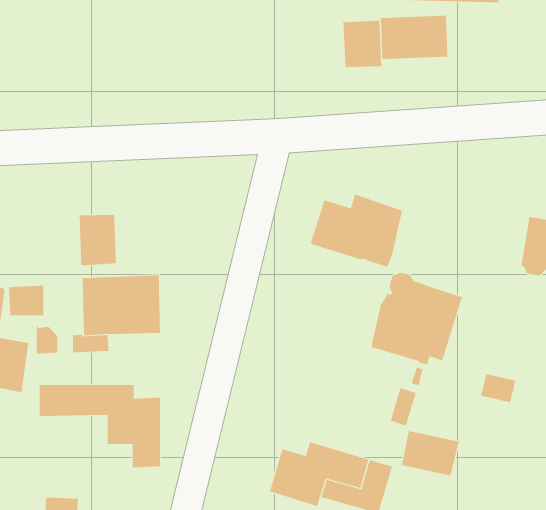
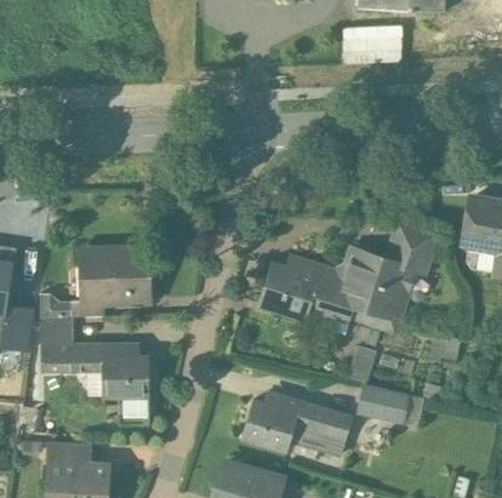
building: [343,20,382,68] -> none
building: [310,194,403,267] -> [259,259,341,324]
building: [79,214,117,266] -> none
building: none -> [387,222,437,273]
building: [8,285,44,316] -> [41,317,73,344]

